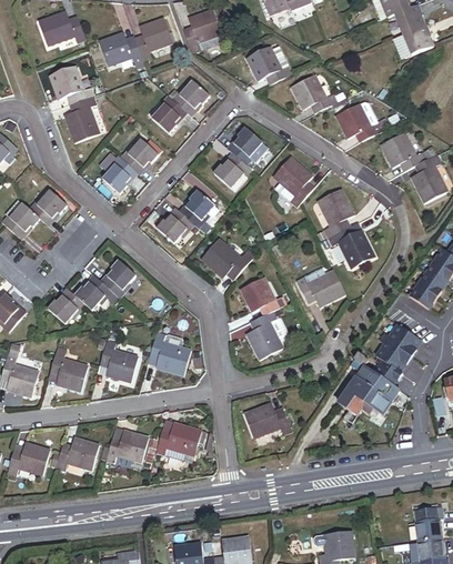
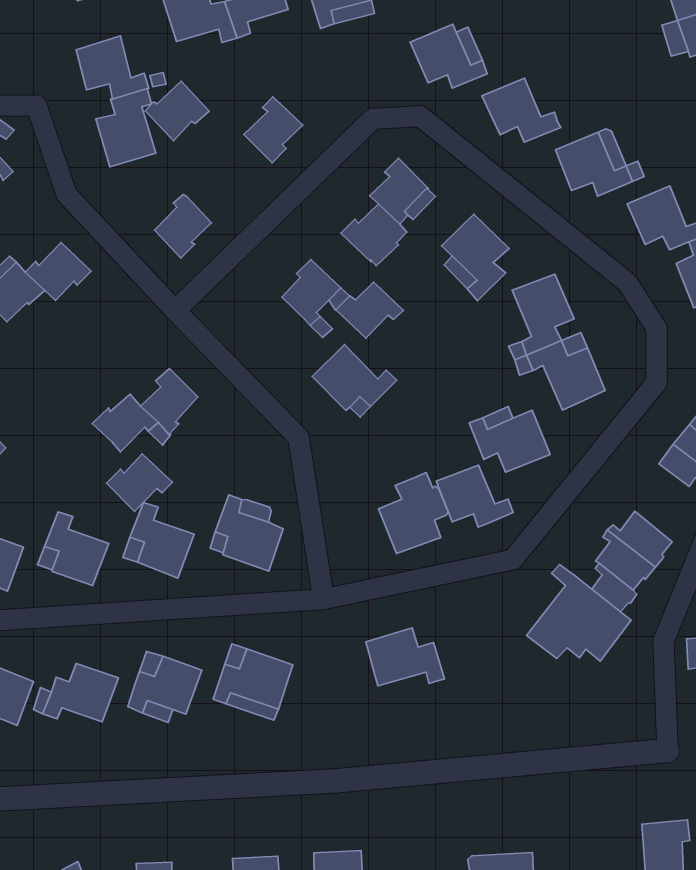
building: [171,80,209,115] -> none
building: [120,139,158,174] -> [145,81,209,141]
building: [154,210,194,243] -> [336,282,404,338]
building: [239,278,285,314] -> [436,465,513,527]
building: [47,290,85,324] -> [106,454,172,512]

